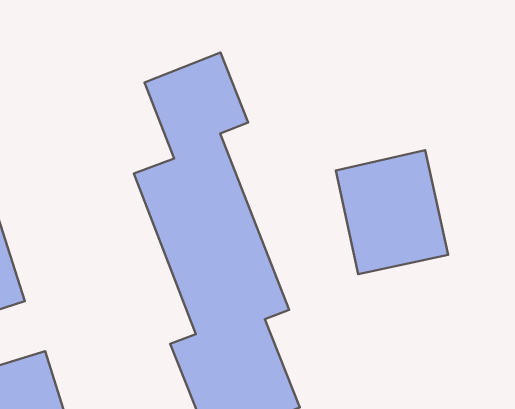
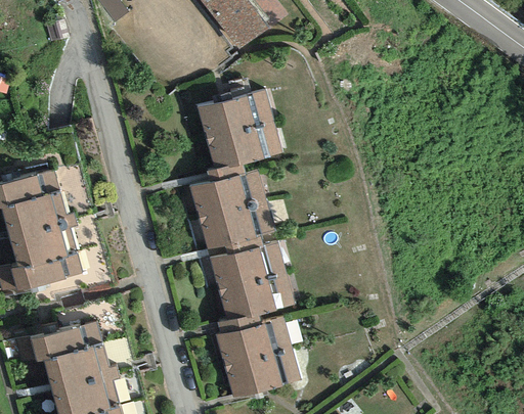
building: [336,150,448,274] -> none

